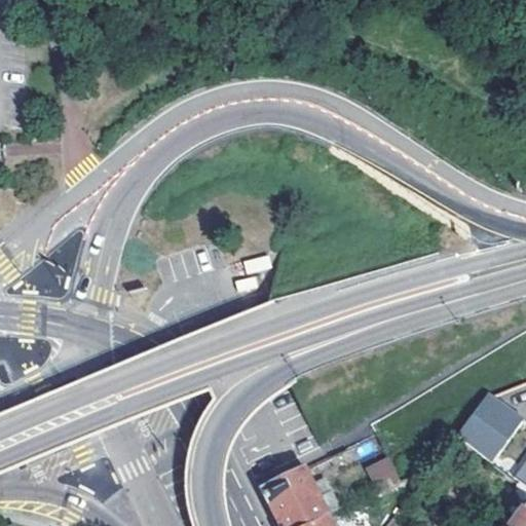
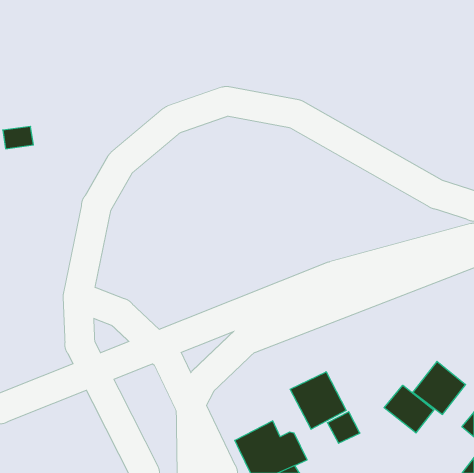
building: none -> [290,372,346,429]
building: none -> [384,385,434,433]

